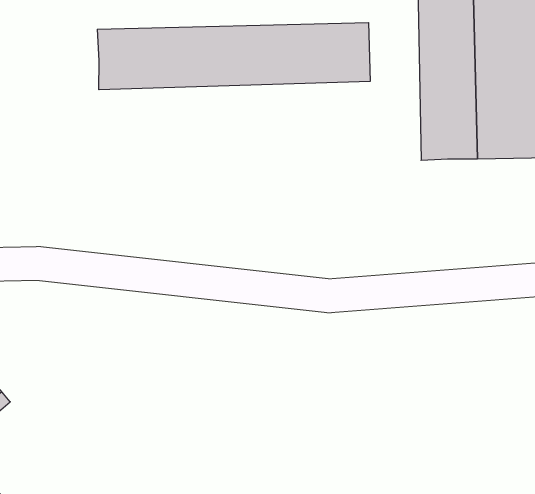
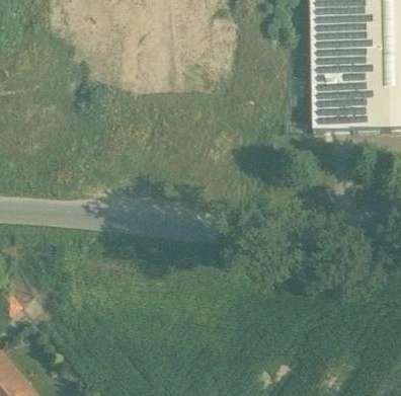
building: [97,23,370,90] -> none

